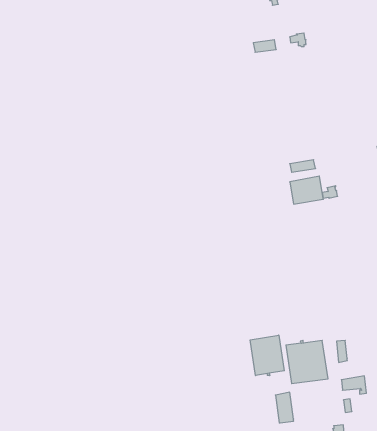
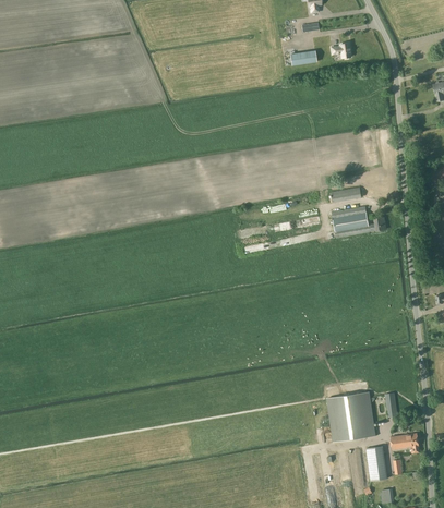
building: [250,335,284,376] -> none
building: [275,392,294,423] -> [365,445,386,480]

